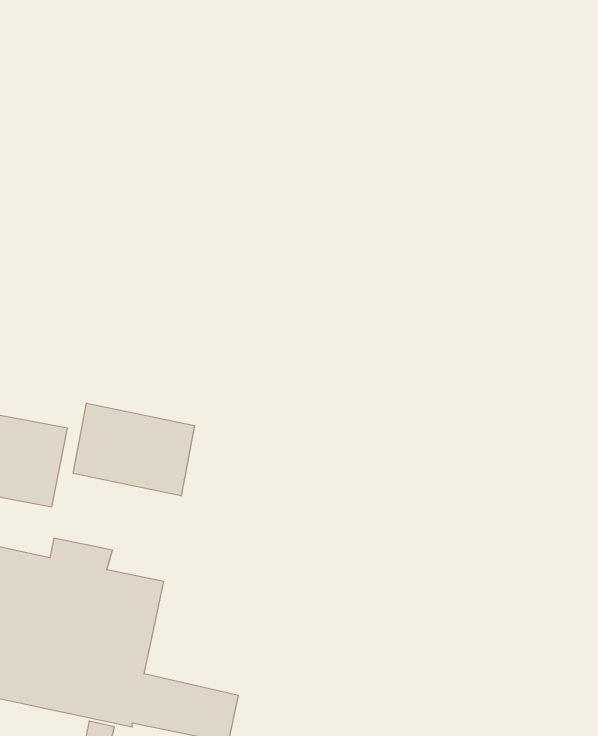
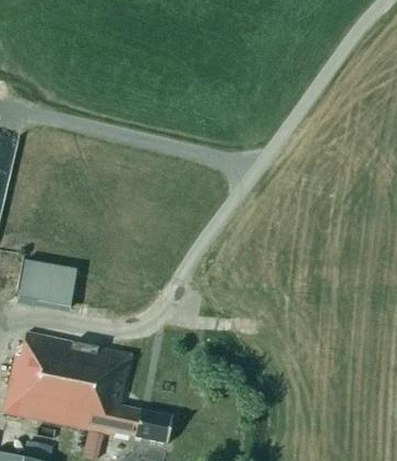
building: [73,403,194,496] -> none

